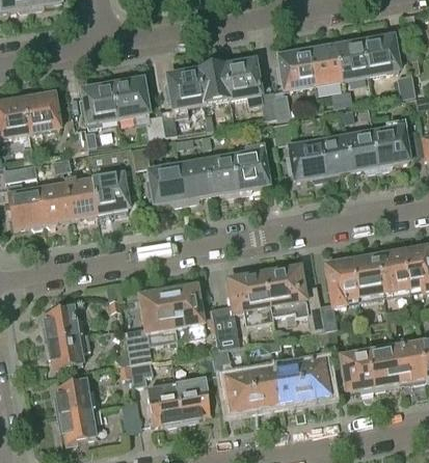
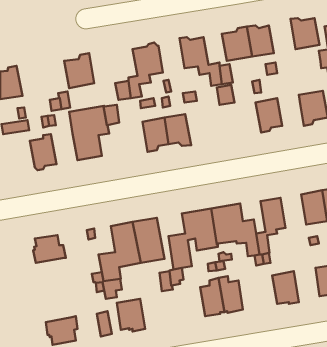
building: [337,36,370,79] -> none
building: [199,60,232,103] -> none
building: [113,78,150,116] -> none
building: [23,93,60,132] -> none
building: [347,131,380,170] -> none
building: [290,140,327,180] -> none
building: [233,149,270,193] -> none
building: [150,164,186,203] -> none
building: [65,178,99,218] -> none
building: [8,182,46,227] -> none
building: [351,254,383,296] -> none
building: [47,332,91,367] -> none
building: [368,346,400,388] -> none
building: [299,352,330,398] -> none
building: [224,367,258,411] -> none
building: [56,379,97,413] -> none
building: [177,379,211,421] -> none

